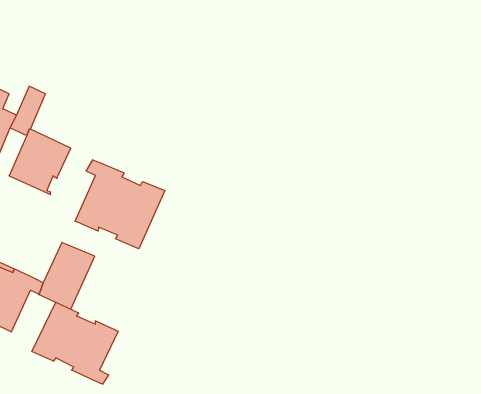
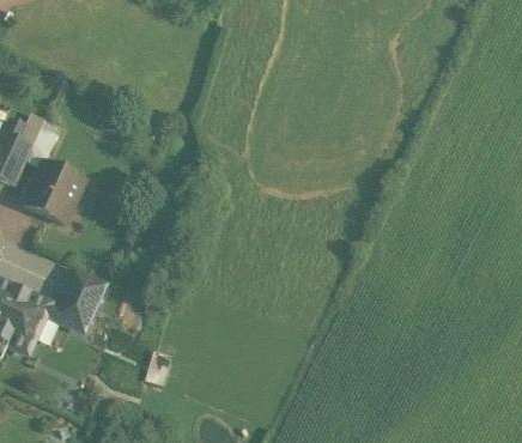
building: [75,160,165,249] -> none
building: [32,302,118,384] -> none

